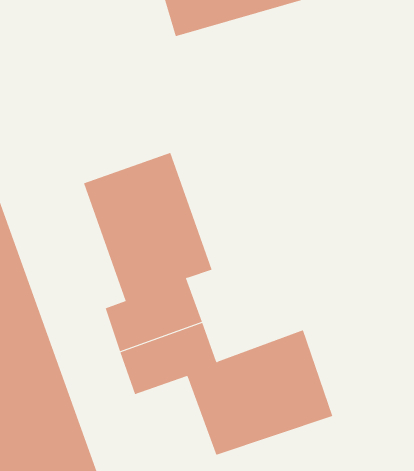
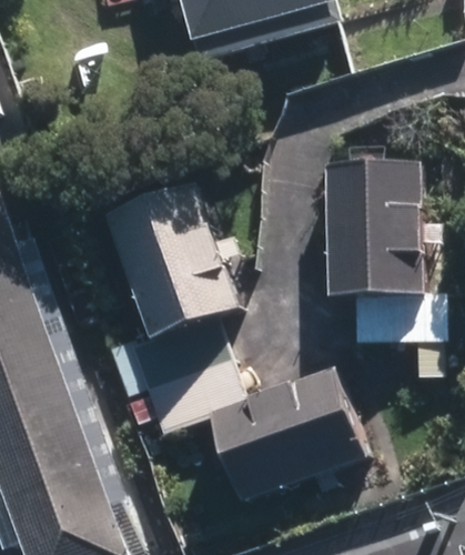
building: none -> [323,160,438,341]

